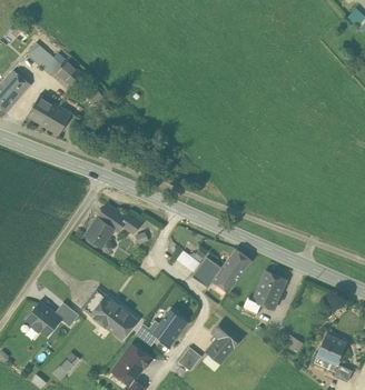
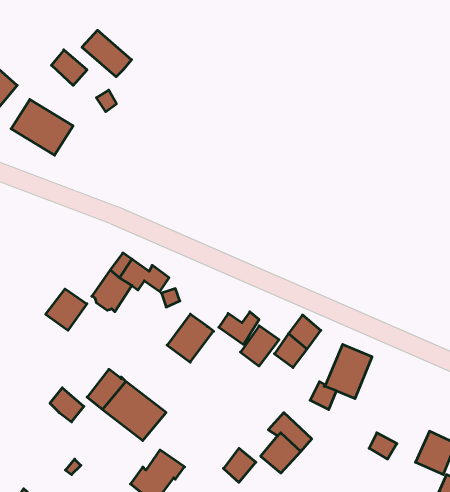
building: [26,42,61,76] -> [82,30,132,77]
building: none -> [46,289,87,330]
building: [26,301,61,336] -> none
building: [154,309,187,343] -> [167,314,214,362]

